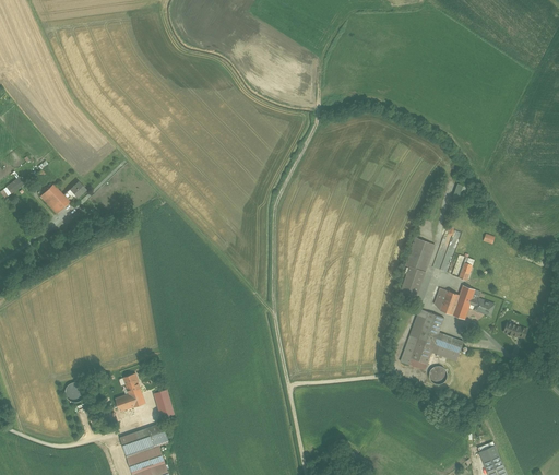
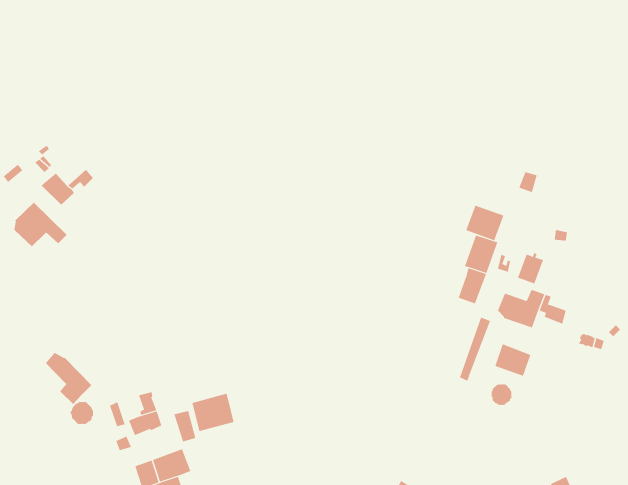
building: none -> [14,202,67,247]
building: none -> [465,205,504,241]
building: [411,312,443,364] -> none
building: none -> [45,352,92,405]
building: none -> [192,393,234,432]

